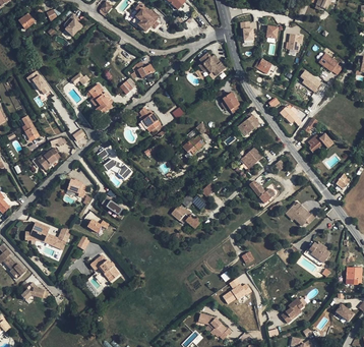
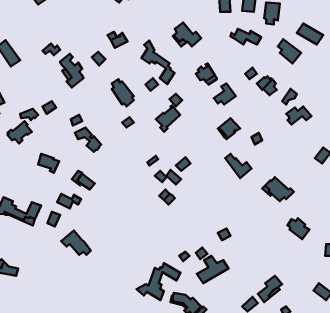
building: none -> [141,40,174,84]
building: none -> [137,263,181,300]

